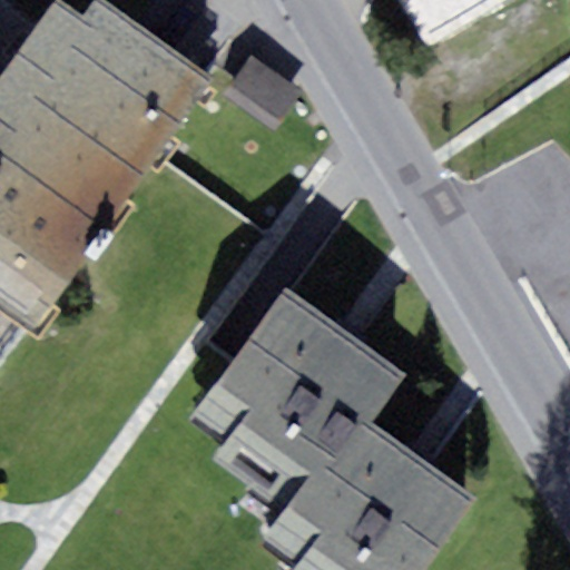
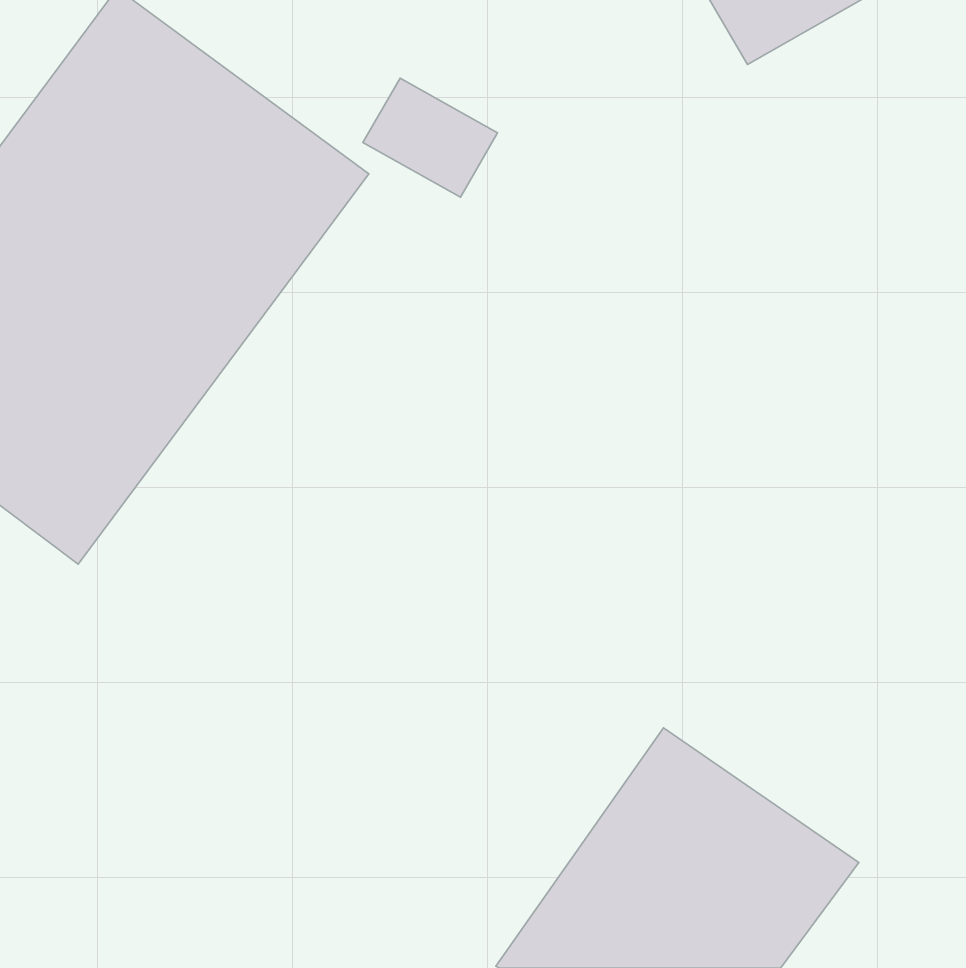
building: [189,291,395,489] -> none

